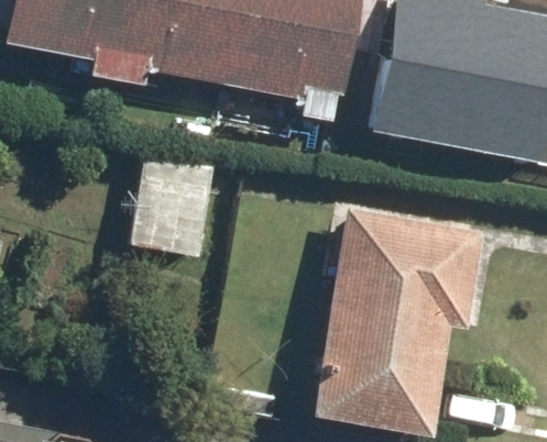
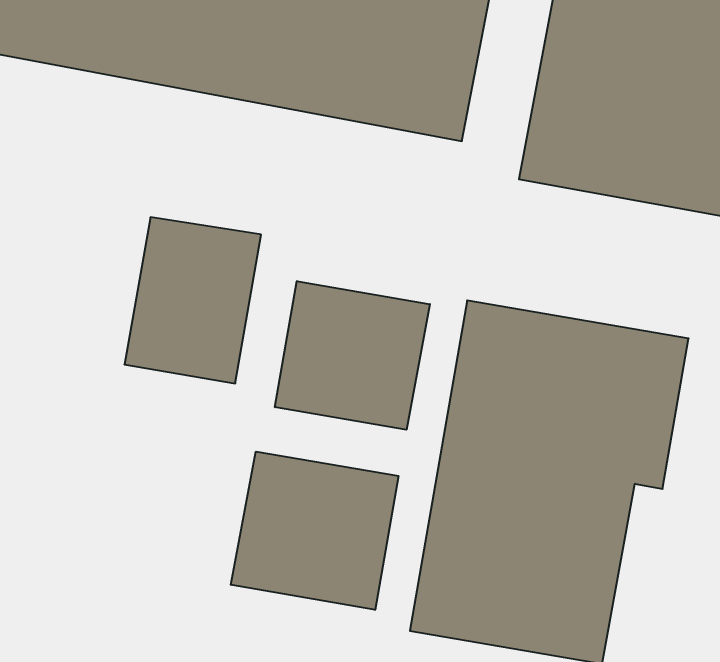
building: none -> [275,281,430,430]
building: none -> [231,452,398,610]

